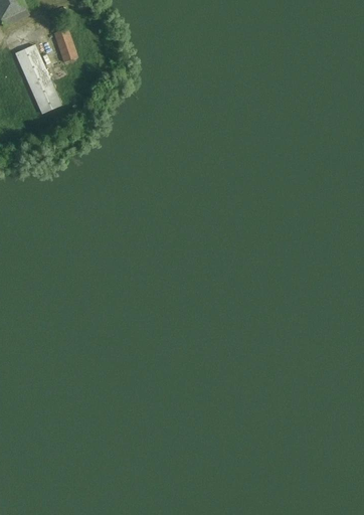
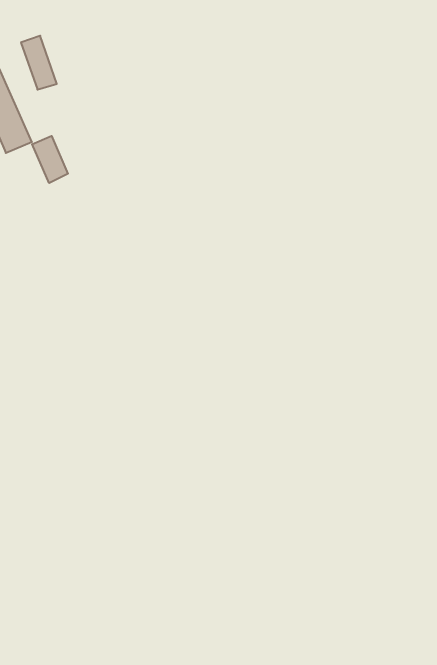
building: none -> [32,136,68,183]

